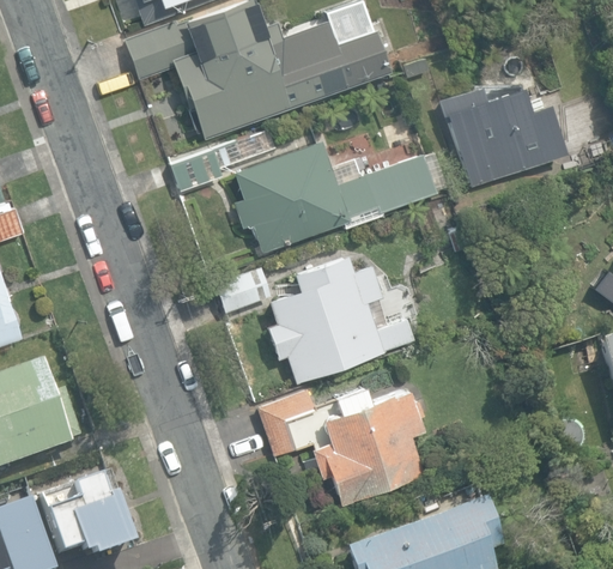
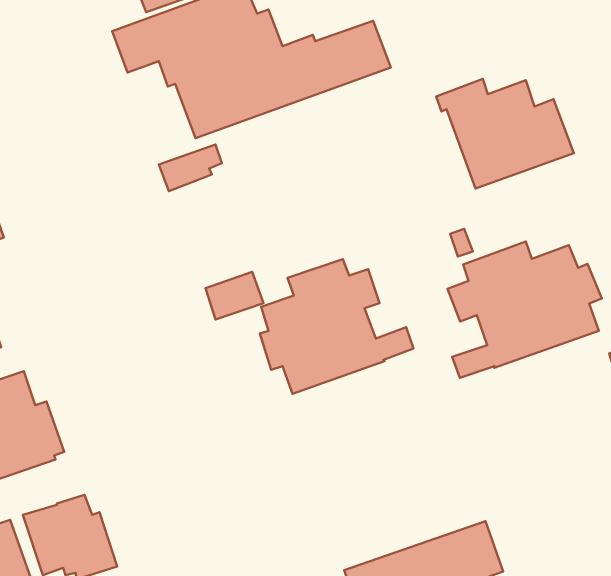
building: [232,139,435,253] -> none
building: none -> [447,241,602,378]
building: [257,387,430,509] -> none

